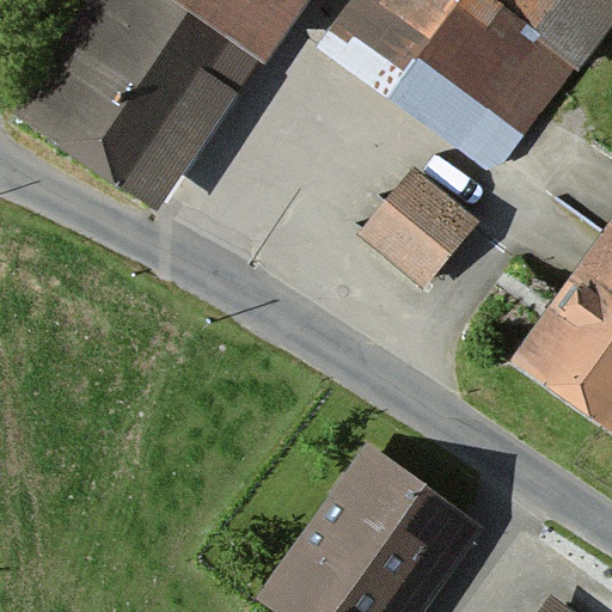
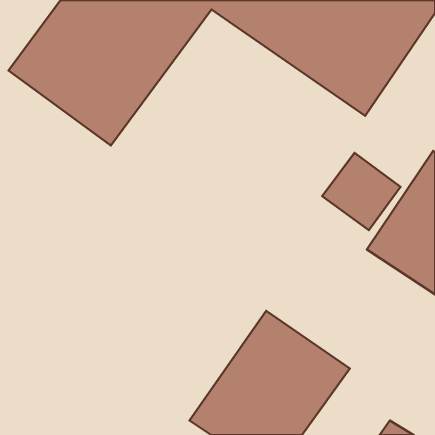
building: [366,169,476,277] -> [322,153,401,230]

